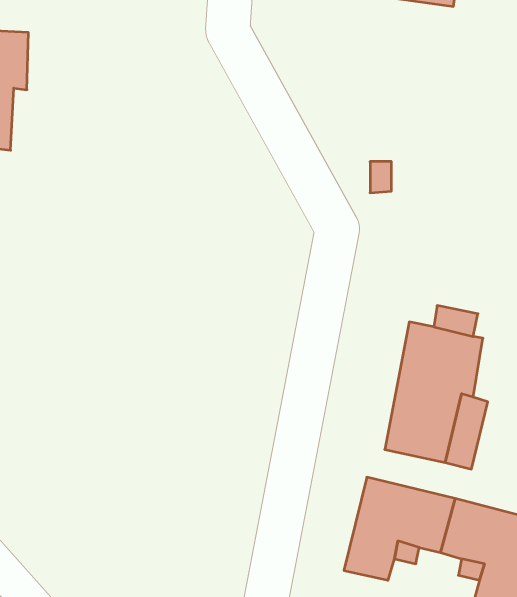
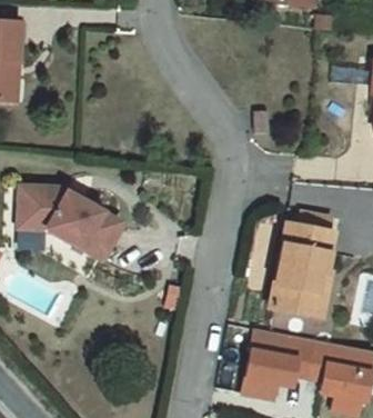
building: none -> [22,182,121,256]

